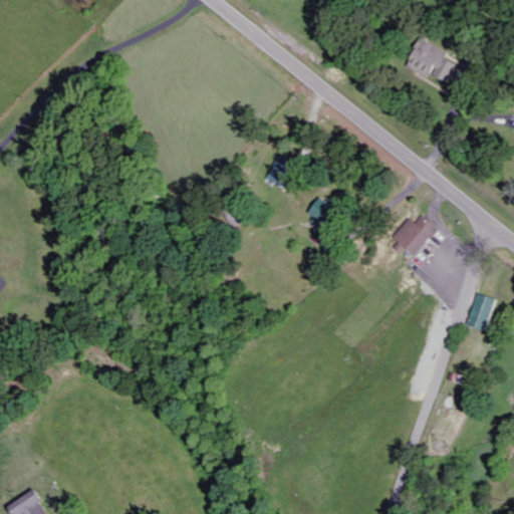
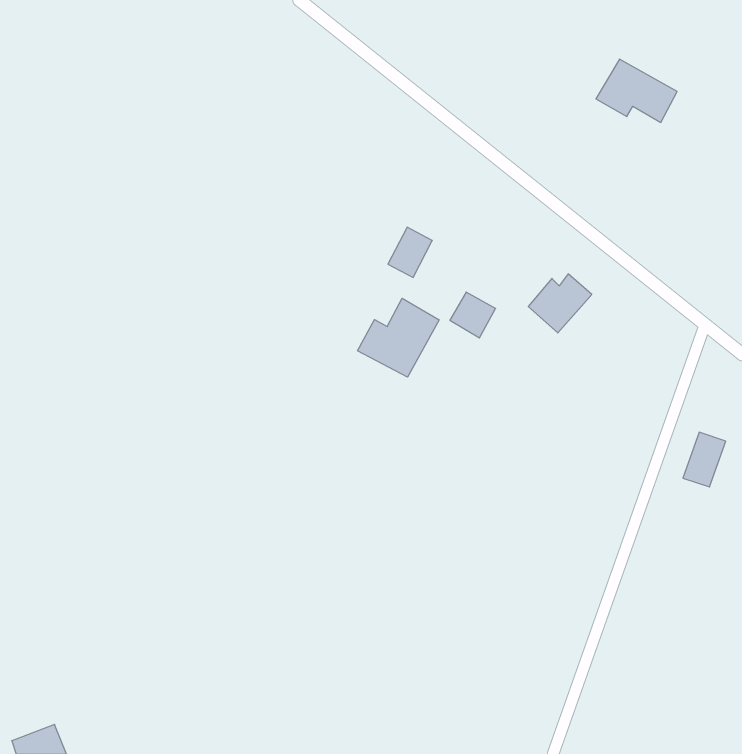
building: none -> [358,298,439,377]
building: [391,216,434,256] -> [528,274,592,333]

